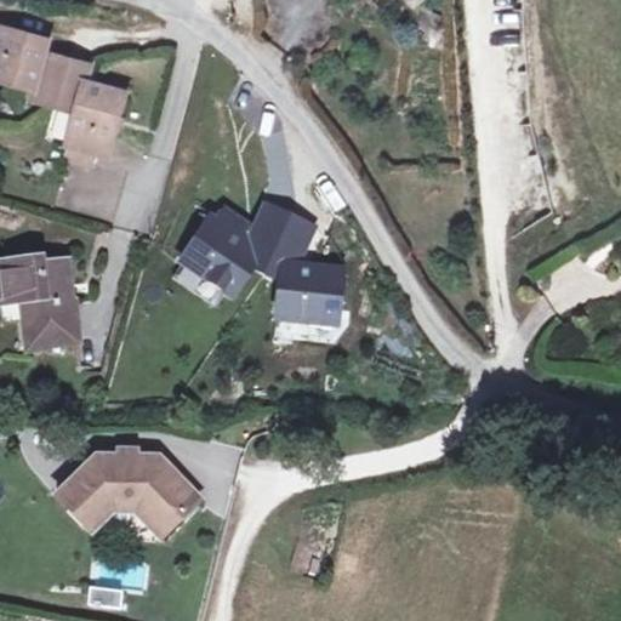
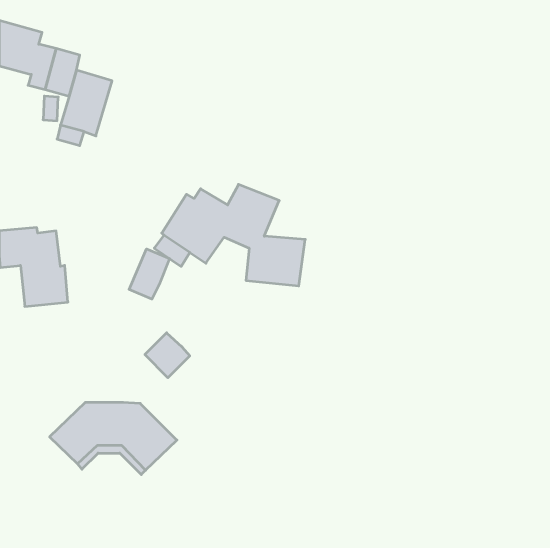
building: none -> [129,249,170,299]
building: none -> [145,333,190,378]

